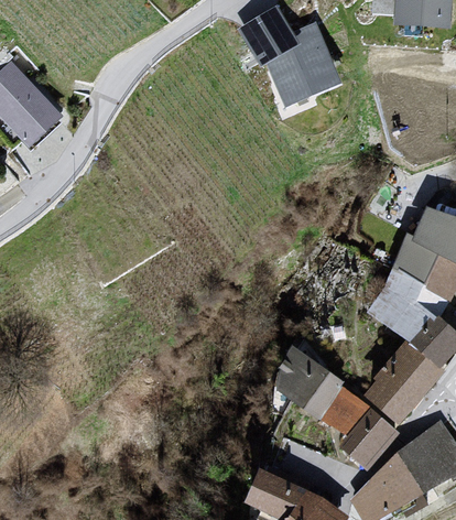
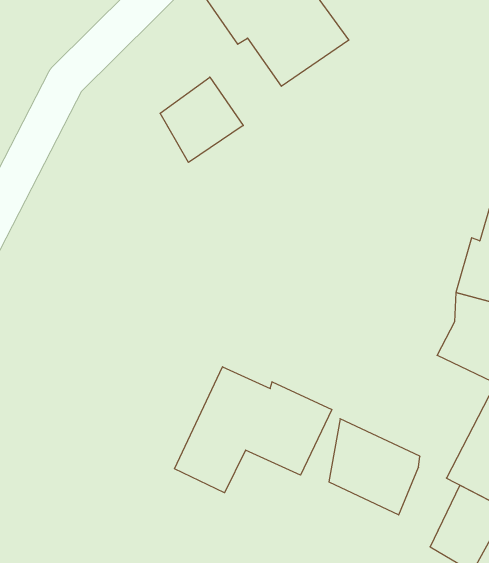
building: none -> [160,77,243,162]
building: none -> [175,367,332,493]
building: [321,390,368,437] -> none

